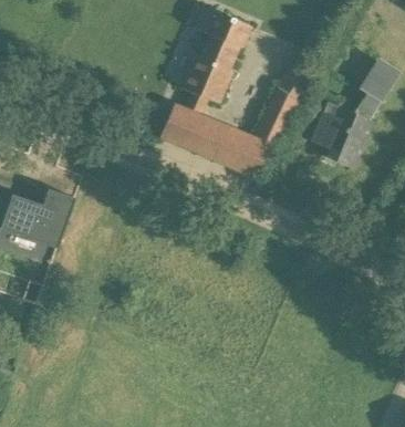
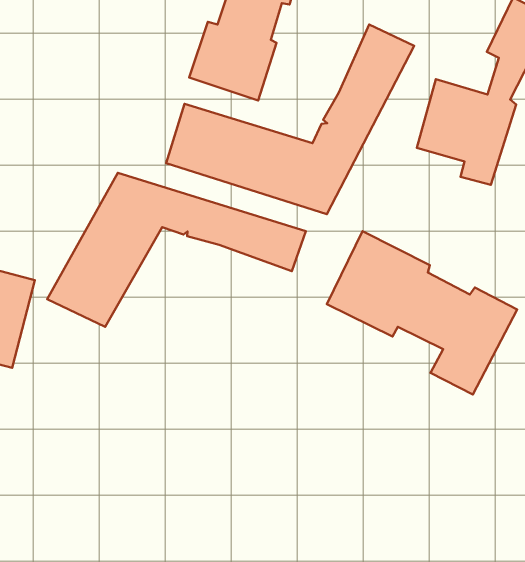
building: none -> [47,173,306,327]
building: none -> [327,231,517,395]

